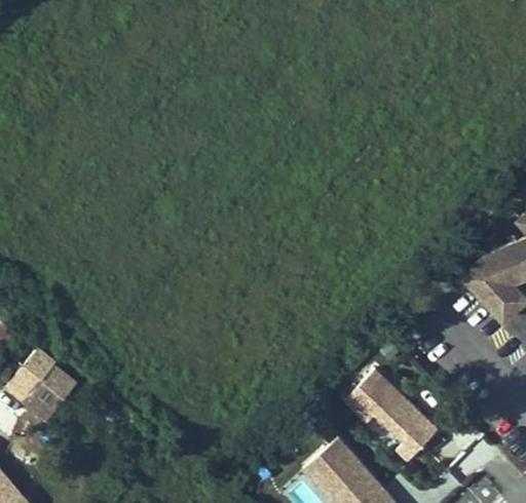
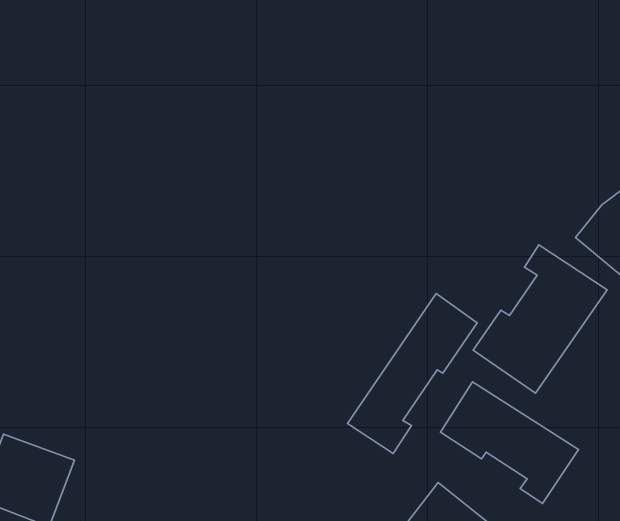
building: none -> [473,245,607,393]
building: none -> [348,294,477,454]

